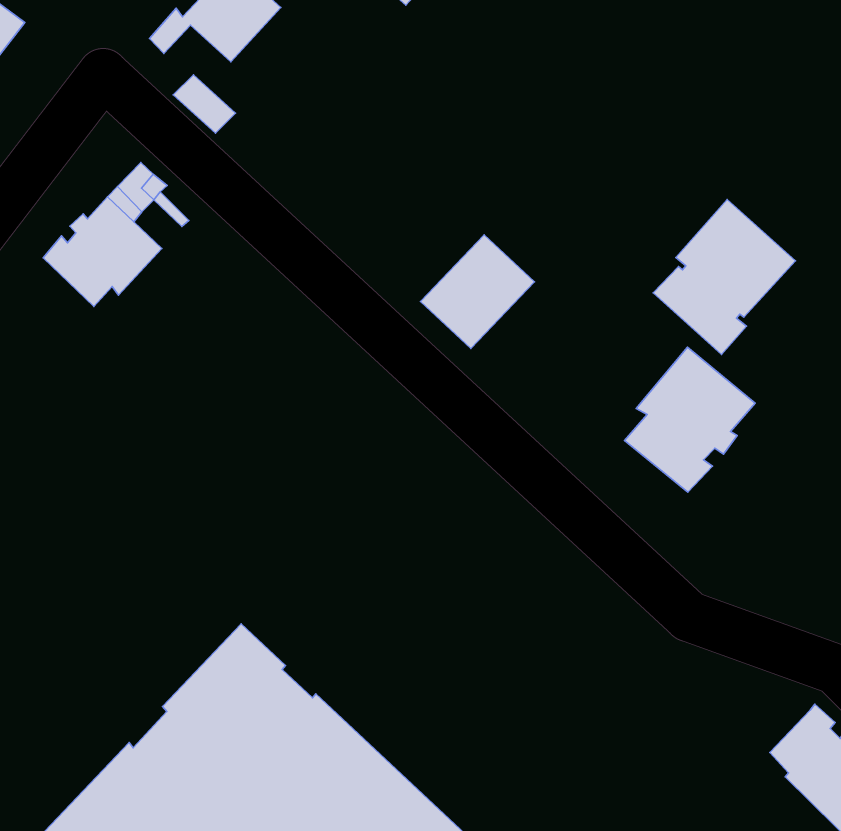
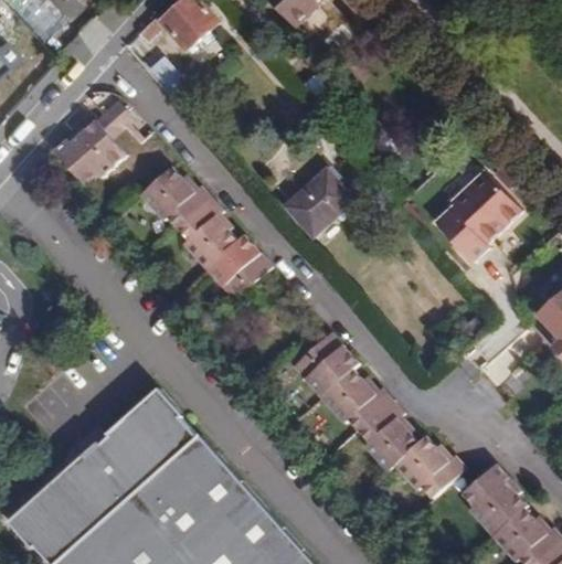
building: none -> [145,170,275,304]
building: [625,347,755,492] -> none
building: none -> [296,336,467,501]

